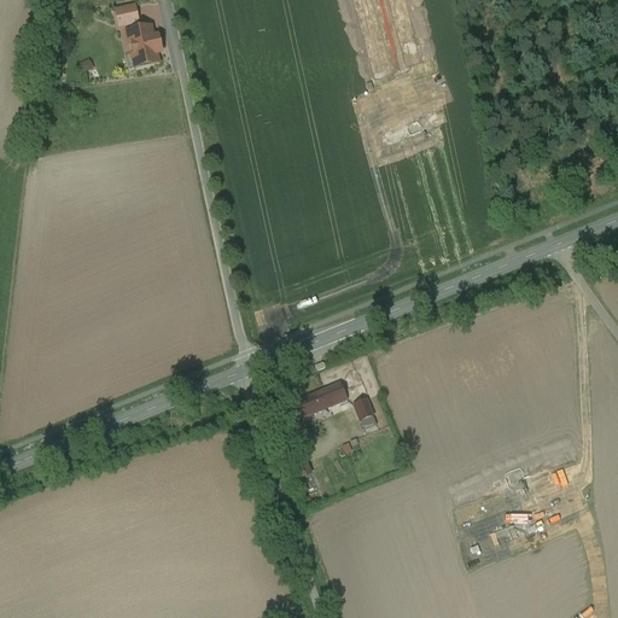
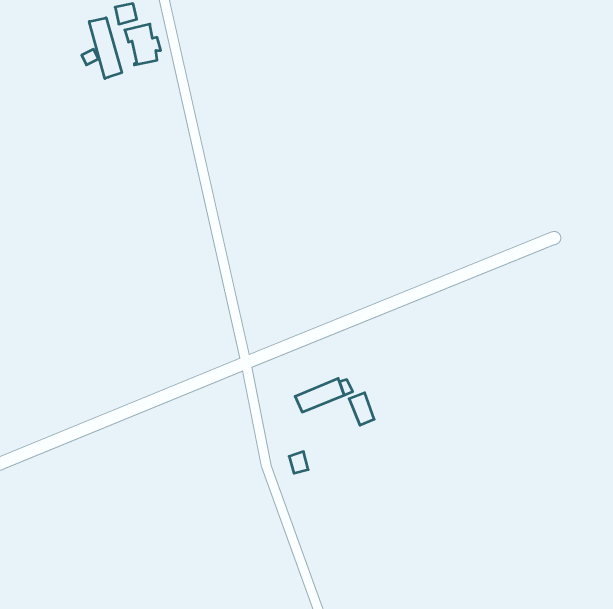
building: none -> [89,18,122,79]

